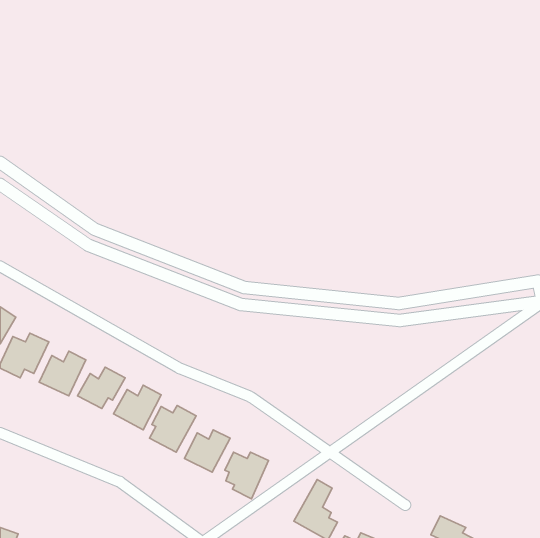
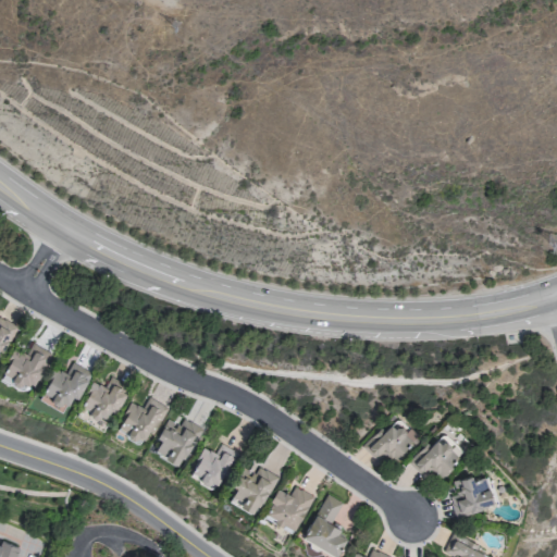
building: none -> [362,420,419,467]
building: none -> [409,433,465,480]
building: none -> [449,475,496,519]
building: none -> [265,488,313,533]

